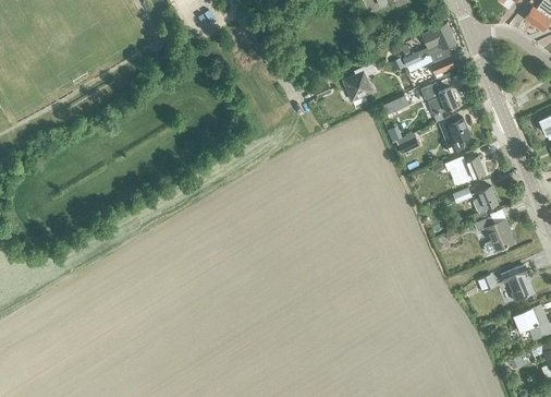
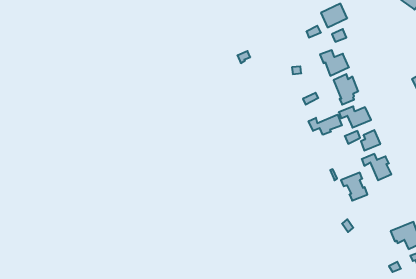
building: [343,62,376,100] -> none
building: none -> [309,115,342,135]
building: [500,264,534,300] -> [341,173,367,201]

